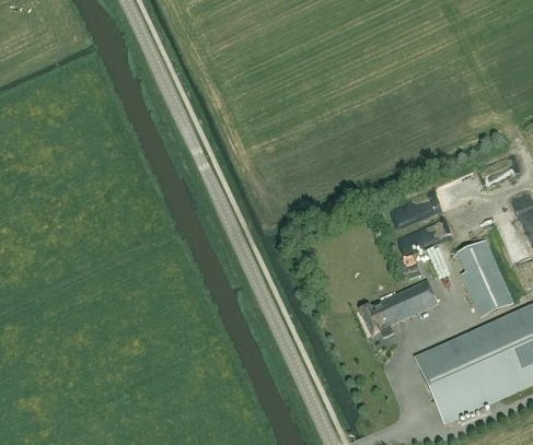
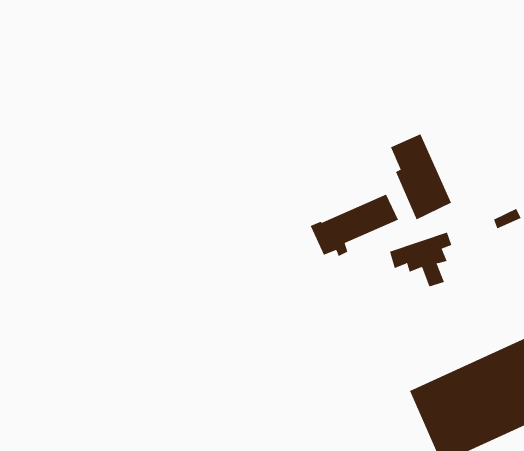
building: [457,241,512,317] -> [390,134,452,220]
building: [359,280,438,336] -> [310,194,399,257]

